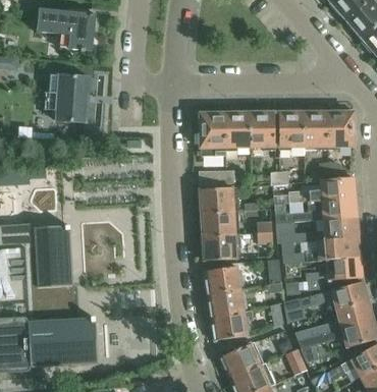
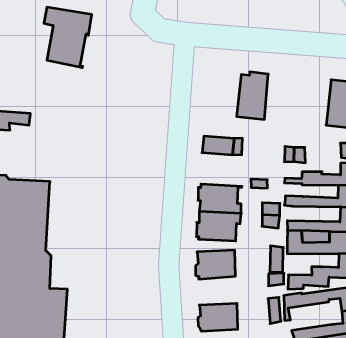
building: [279,109,305,149] -> none
building: [199,110,226,155] -> none
building: [250,110,275,150] -> none
building: [199,186,237,212] -> none
building: [208,288,245,317] -> none

